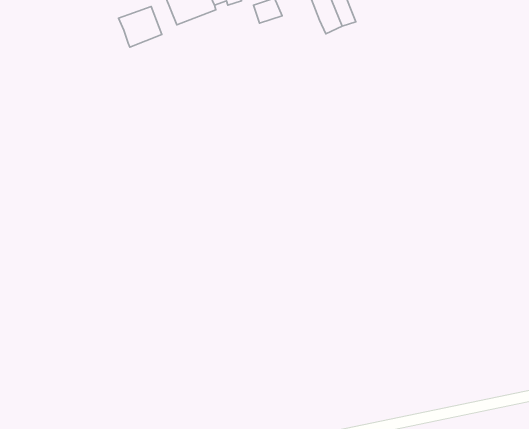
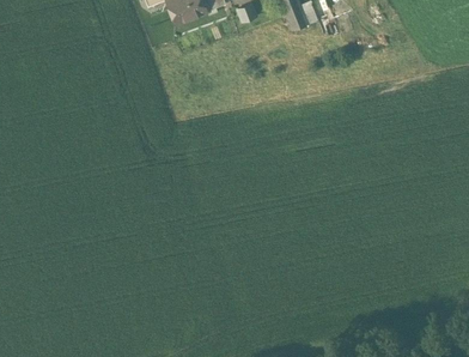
building: [118,7,162,47] -> none

